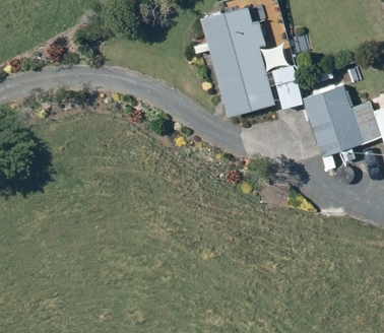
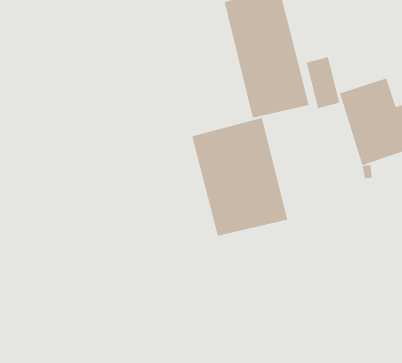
building: none -> [192,117,288,237]

